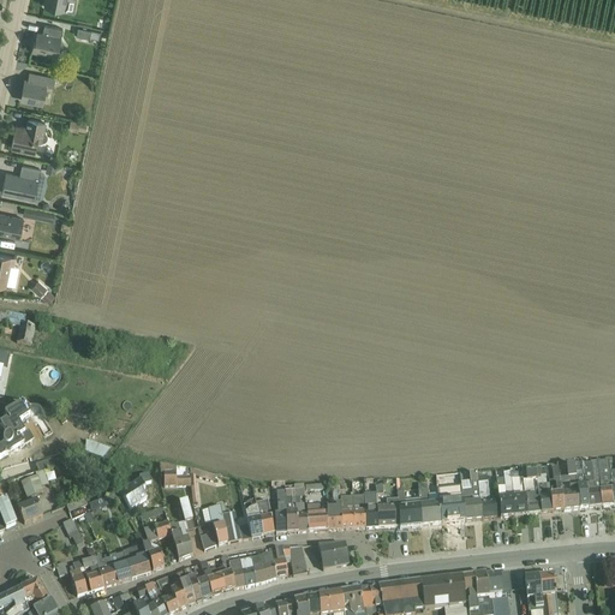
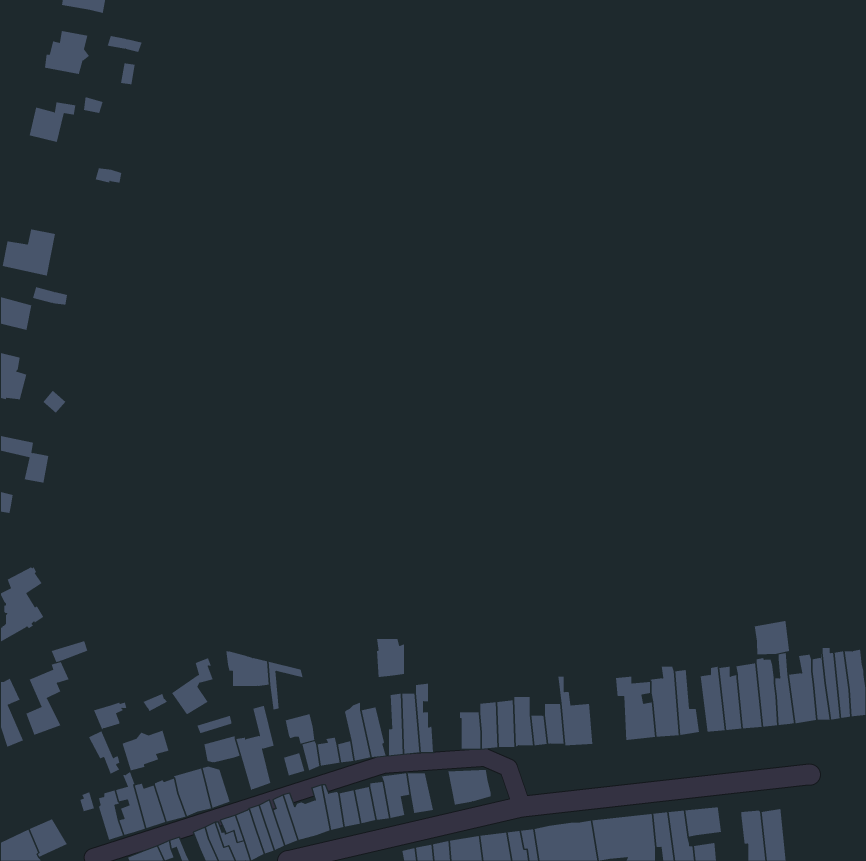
building: [11,115,47,148] -> none
building: none -> [754,620,790,655]
building: [418,484,441,527] -> none
building: [306,506,327,533] -> [376,639,405,678]
building: none -> [122,730,169,771]

